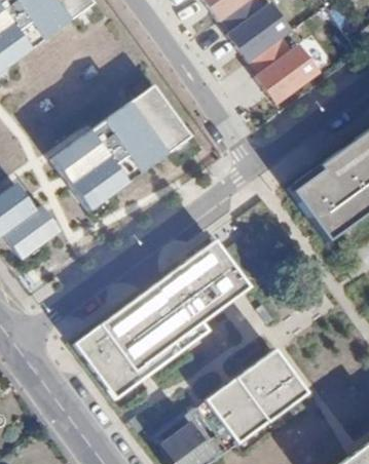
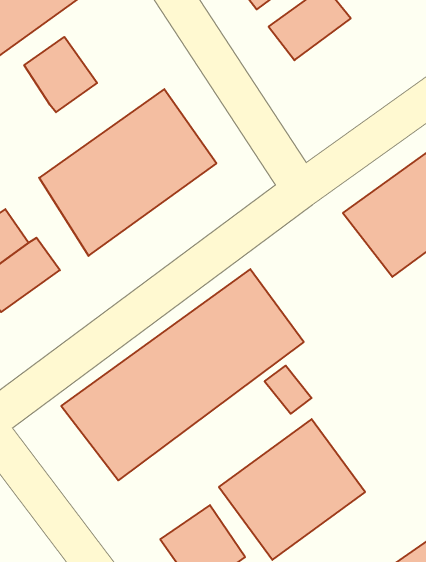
building: none -> [24,37,97,112]
building: [260,48,324,107] -> none

